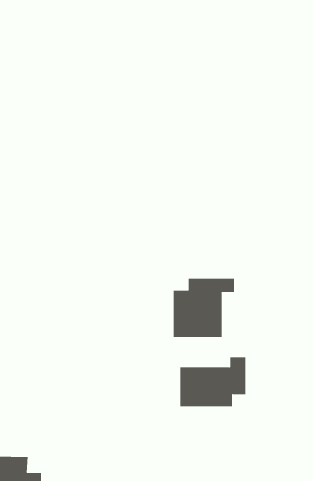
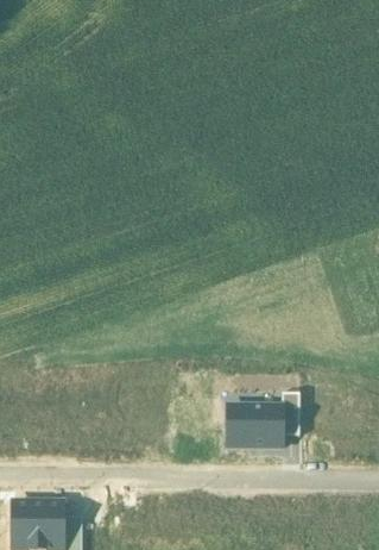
building: [173,278,234,338] -> none

